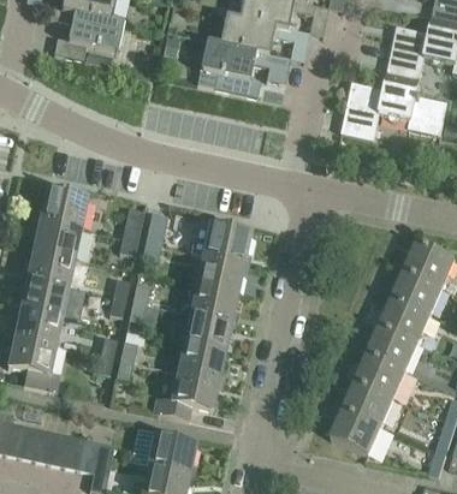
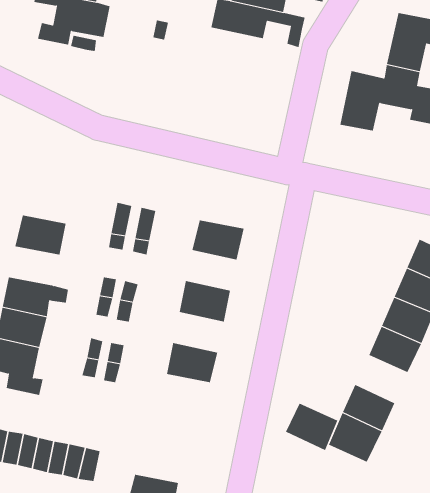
building: [196,40,290,96] -> none
building: [38,190,87,228] -> none
building: [25,250,75,287] -> none
building: [194,254,243,292] -> none
building: [182,313,231,351] -> none
building: [355,353,405,399] -> [285,403,338,451]
building: [155,371,218,421] -> none
building: [146,428,195,475] -> none

